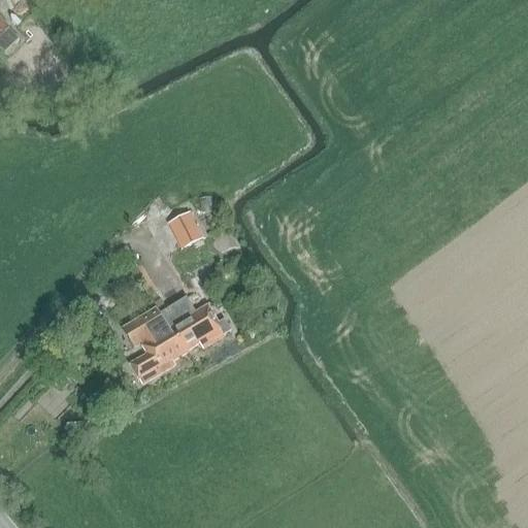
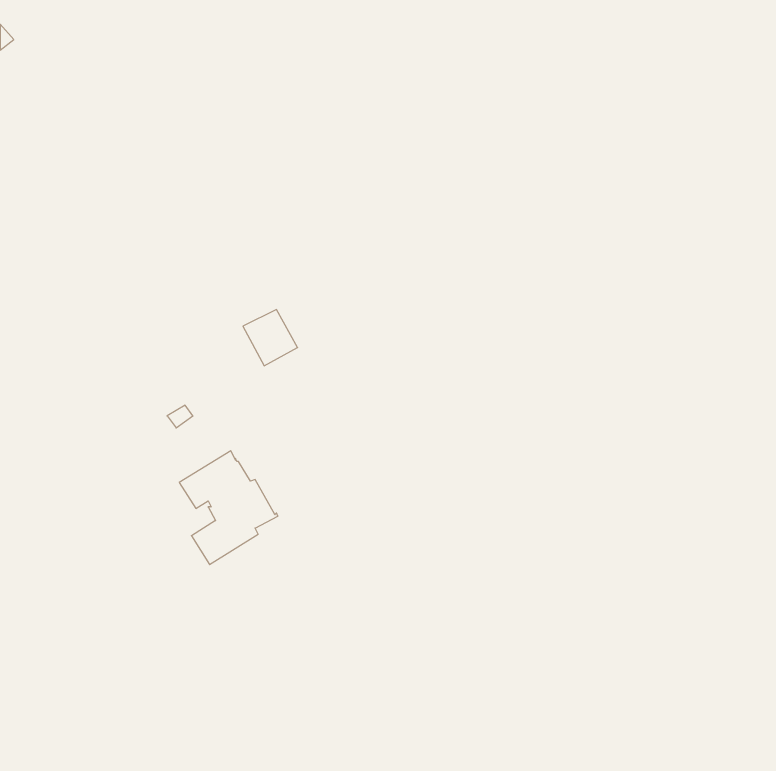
building: [160,296,231,350] -> none

